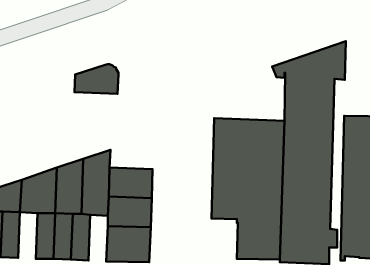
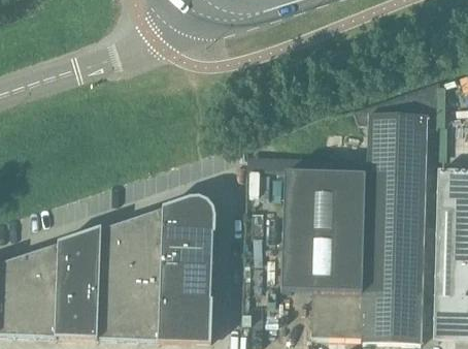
building: [74,64,118,94] -> [162,197,213,232]
building: none -> [55,283,77,338]
building: none -> [137,286,160,341]

